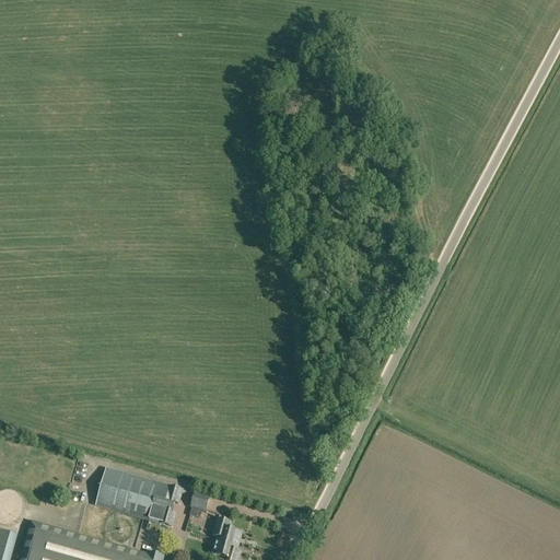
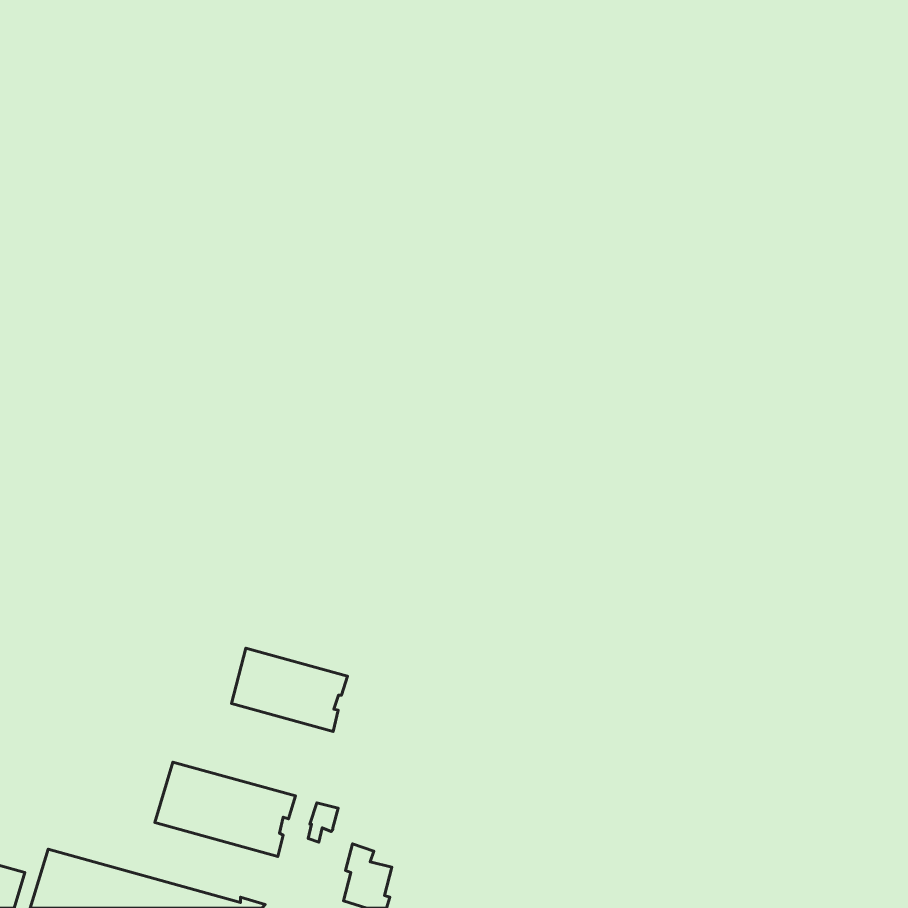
building: none -> [232,648,347,731]

